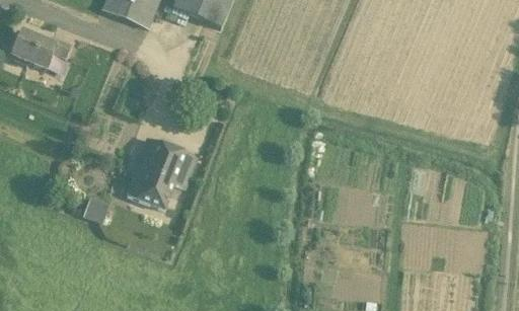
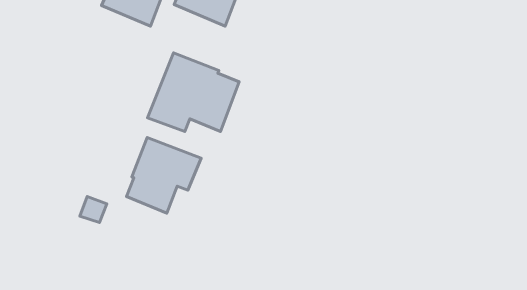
building: [12,31,71,70] -> none
building: none -> [147,53,239,132]

